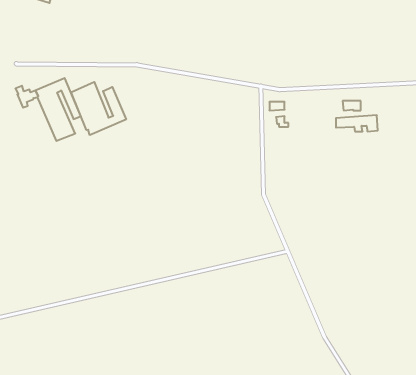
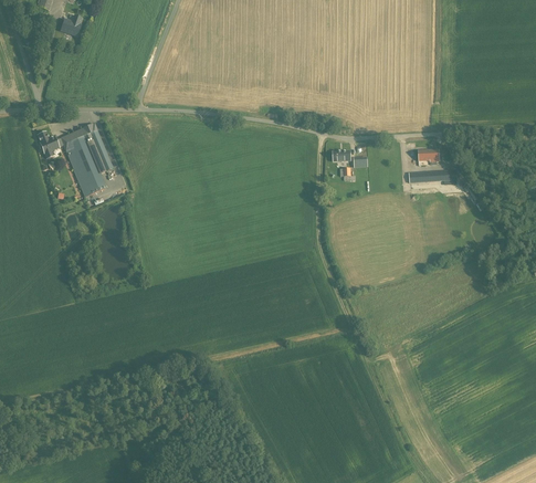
building: [71,82,126,135] -> none

